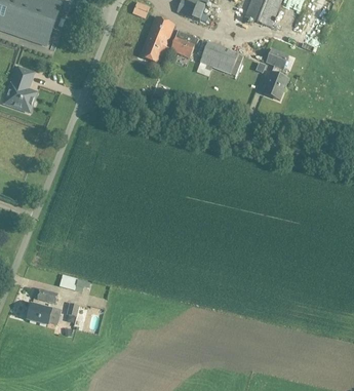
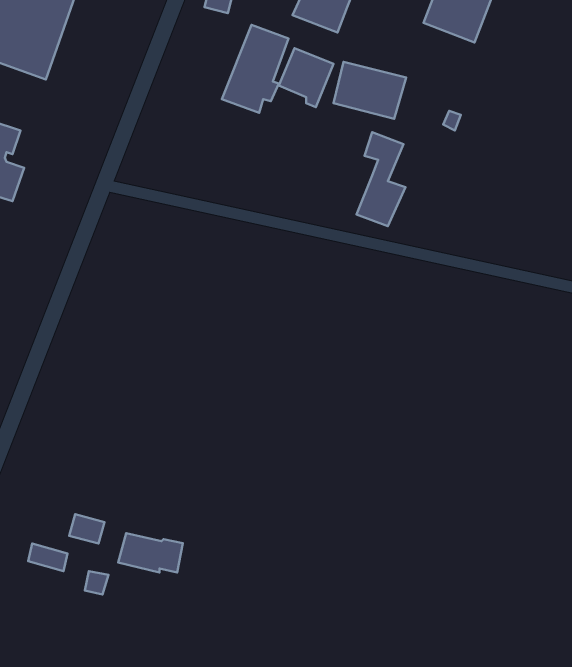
building: [262,50,287,100] -> [357,132,406,226]
building: [27,304,61,324] -> [118,533,183,572]

